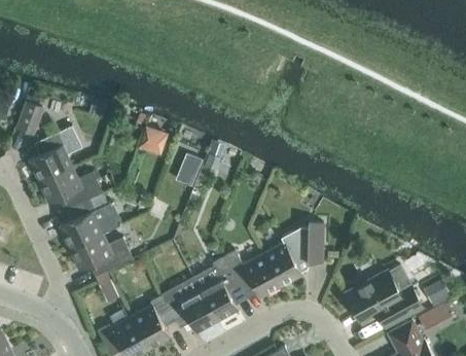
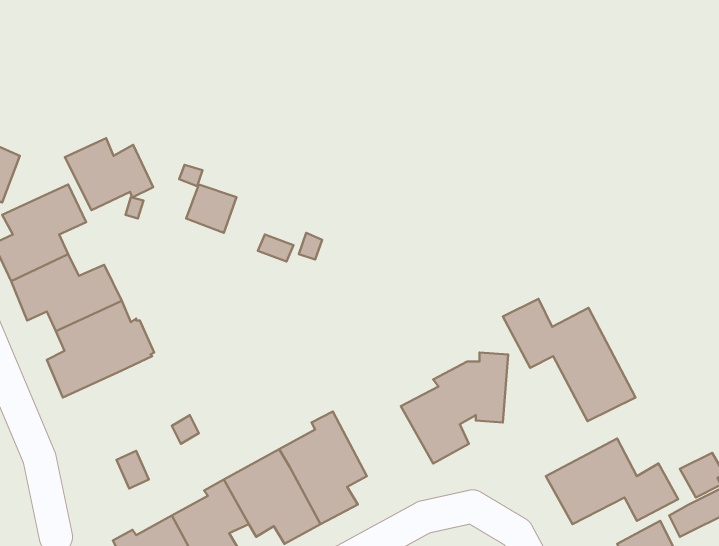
building: none -> [65,138,153,210]
building: none -> [503,299,636,421]
building: [69,234,133,277] -> none
building: [224,251,282,298] -> none

